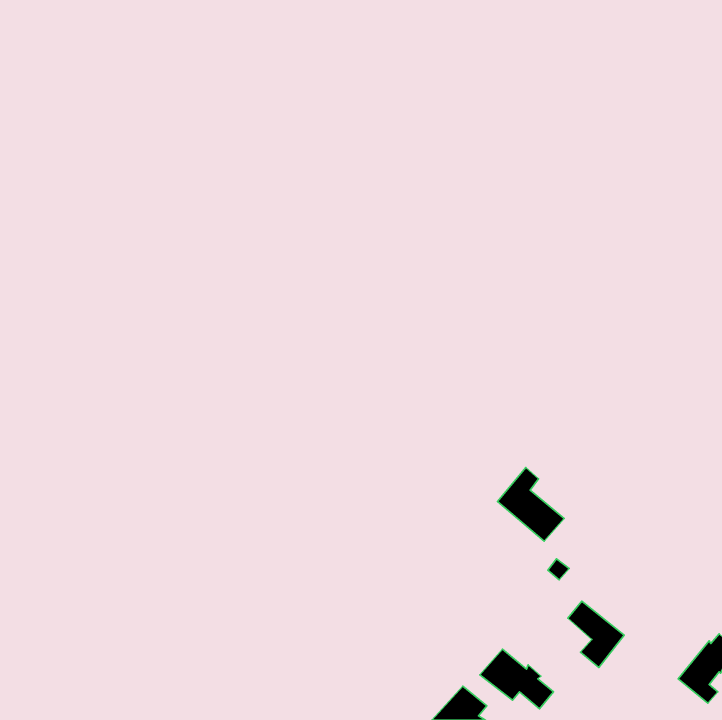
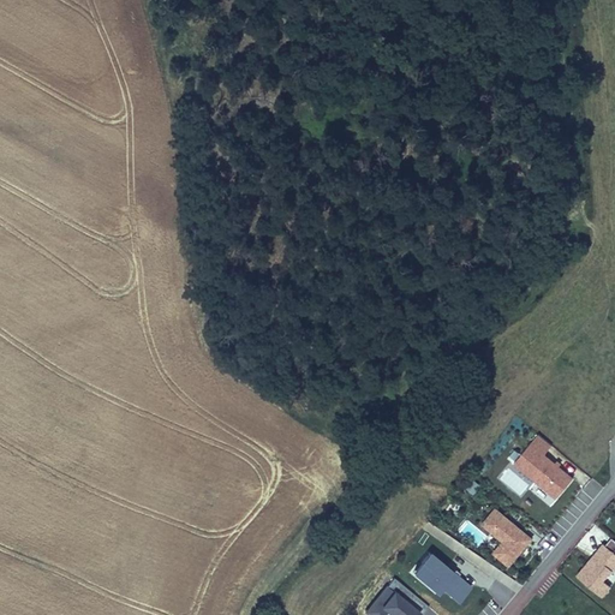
building: [498,468,564,541] -> [517,437,573,500]

